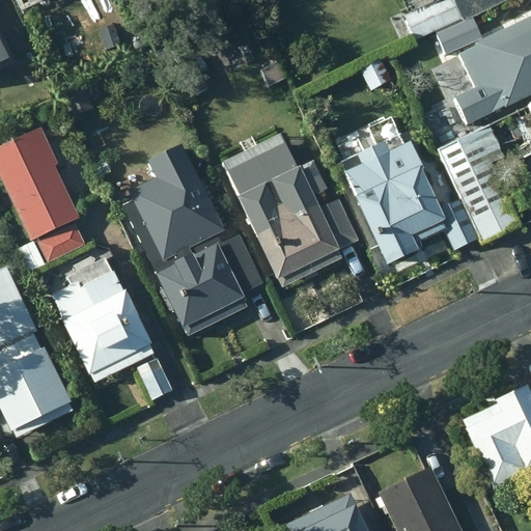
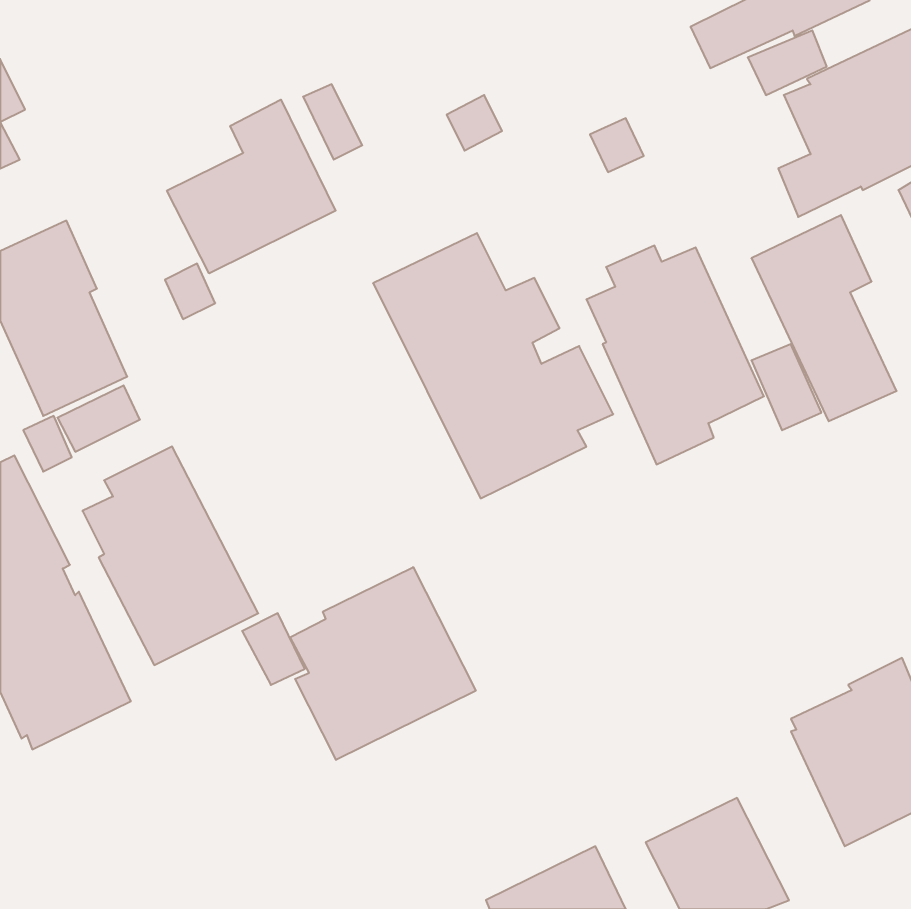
building: none -> [167,100,336,273]
building: [124,152,263,316] -> none
building: none -> [290,567,476,760]

